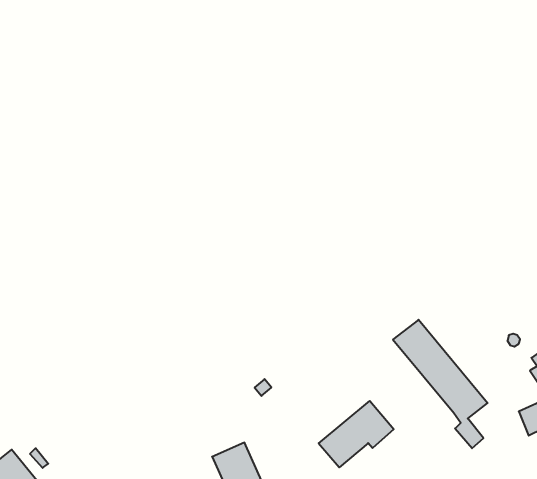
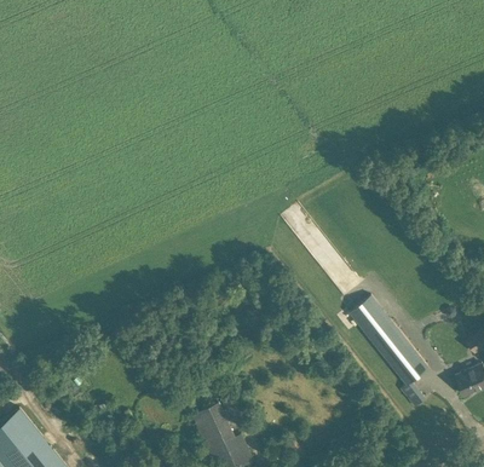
building: [319,401,394,467] -> none

